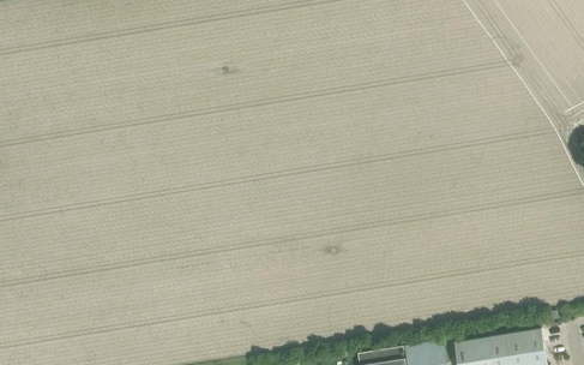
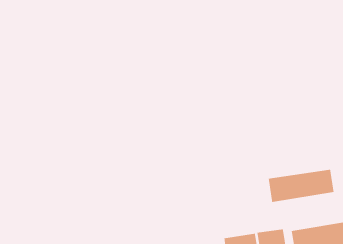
building: none -> [268,169,334,203]

